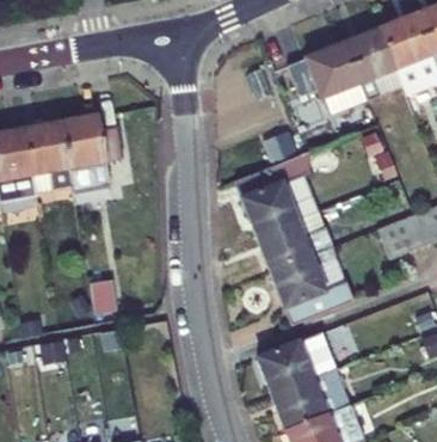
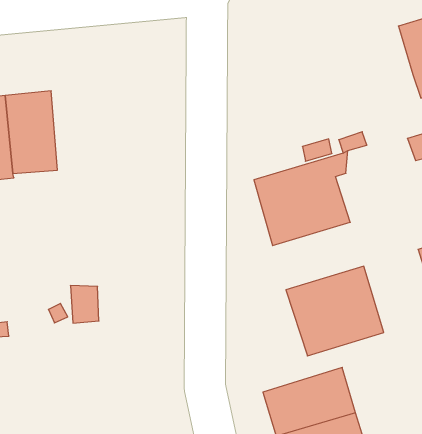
building: [285,42,359,98] -> none
building: [59,113,121,192] -> none
building: [254,209,332,270] -> none

